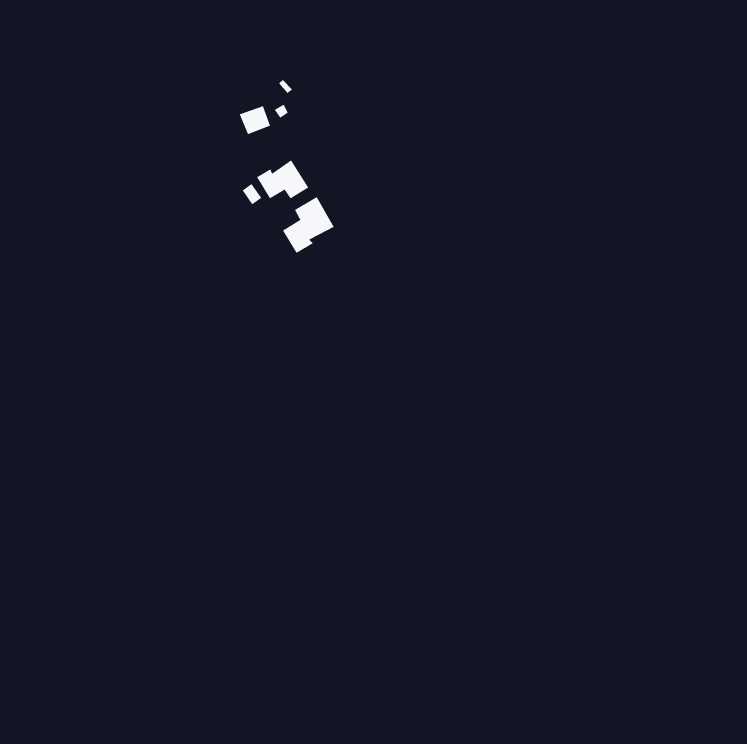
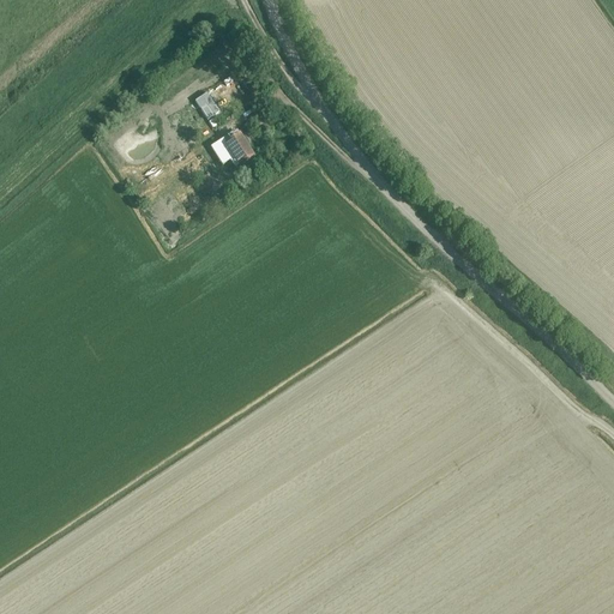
building: [282,196,334,254] -> none

